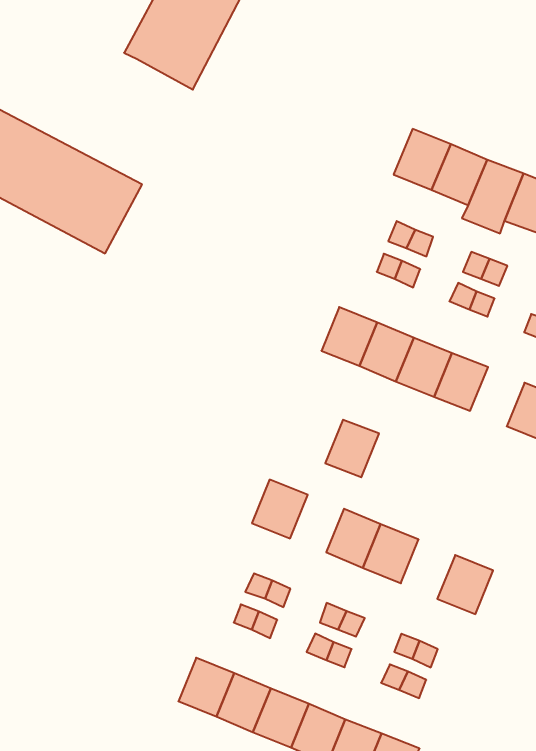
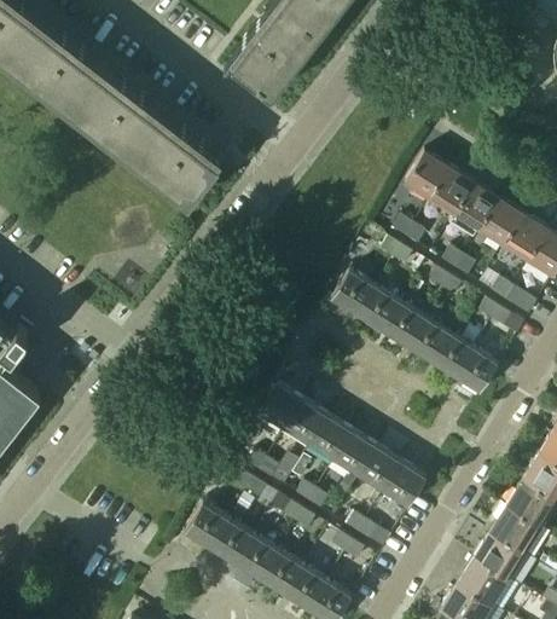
building: none -> [430,332,472,377]
building: [325,420,379,477] -> [285,401,327,445]
building: none -> [359,447,401,492]

